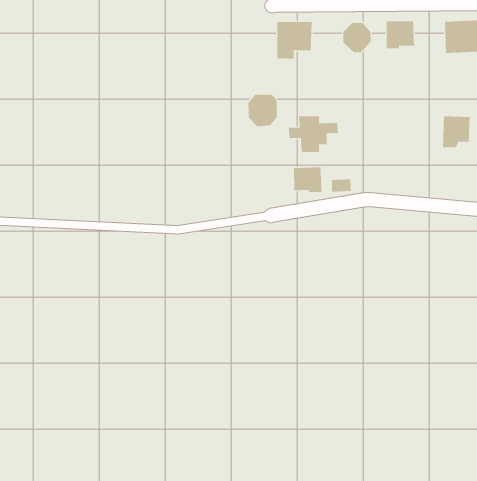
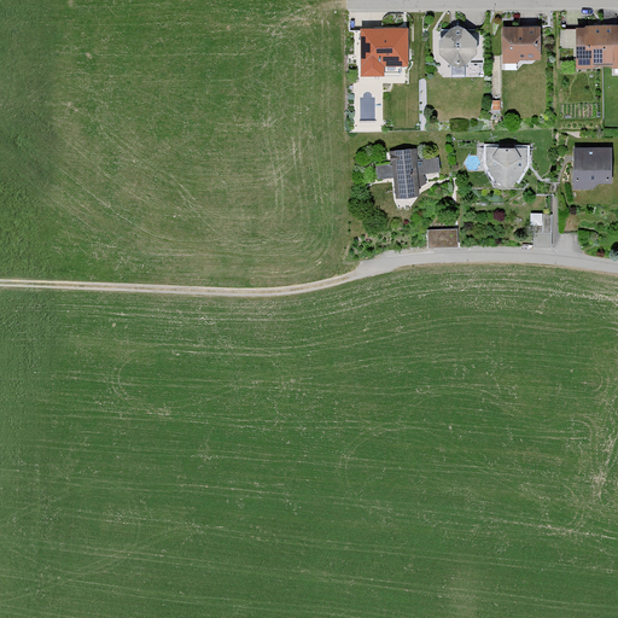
building: [248,94,277,127] -> none
building: none -> [491,147,532,188]
building: [294,166,322,193] -> none

